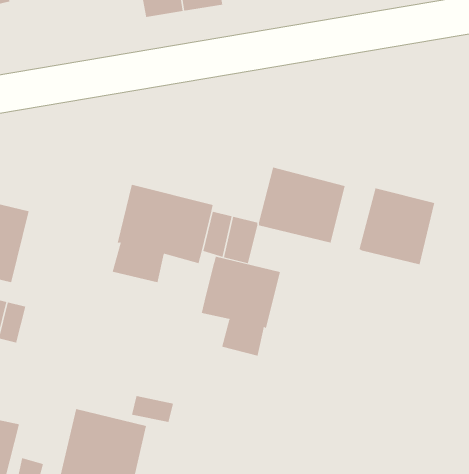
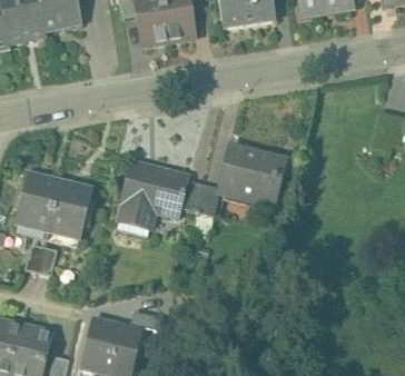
building: [359,187,435,265] -> none
building: none -> [47,181,91,239]
building: [201,256,281,356] -> none

